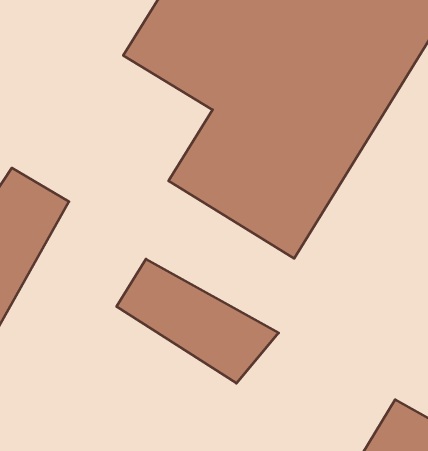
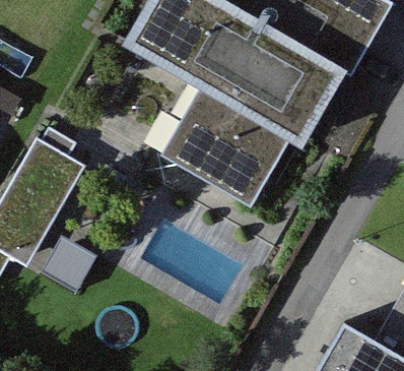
building: [117,259,279,383] -> none

